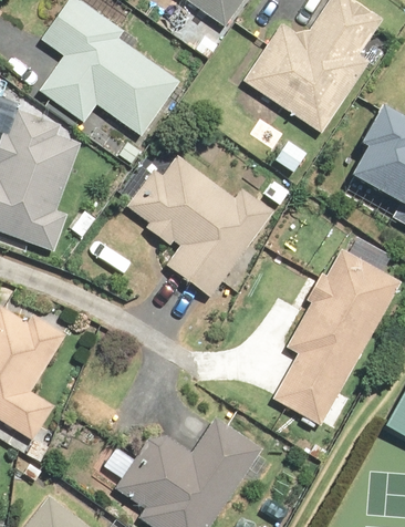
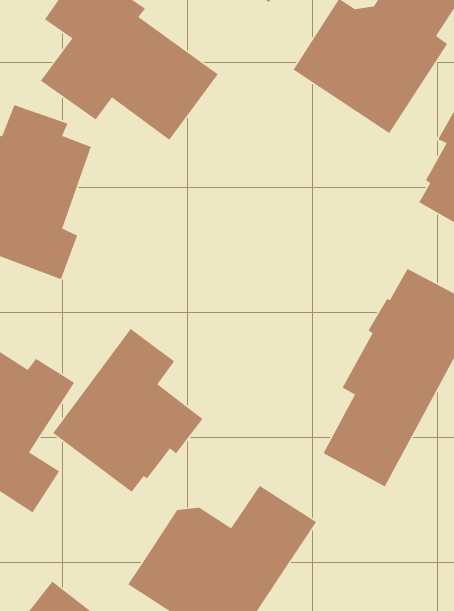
building: [125,155,276,296] -> none
building: none -> [52,328,203,493]

